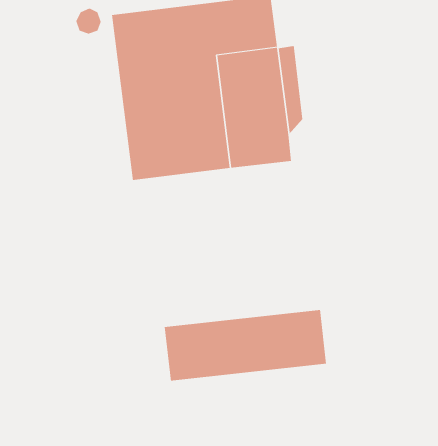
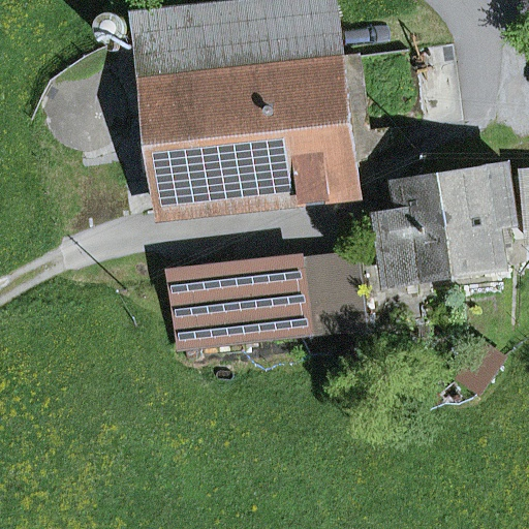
building: none -> [373,166,504,281]
building: [164,309,327,381] -> [165,262,357,347]

